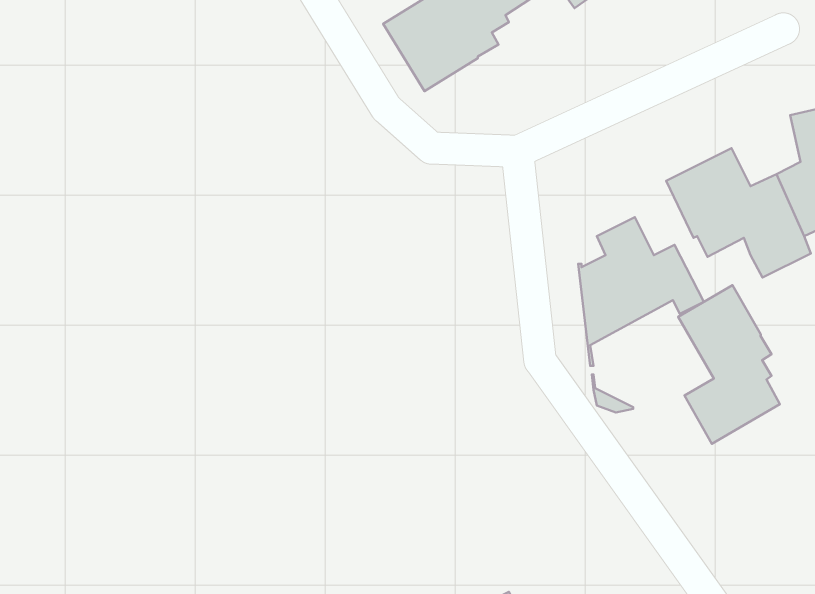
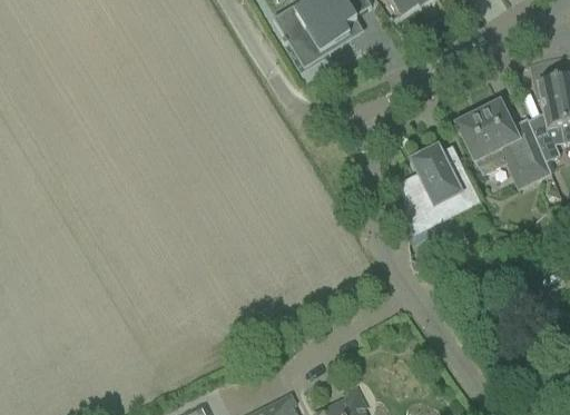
building: [678,285,780,444] -> none

